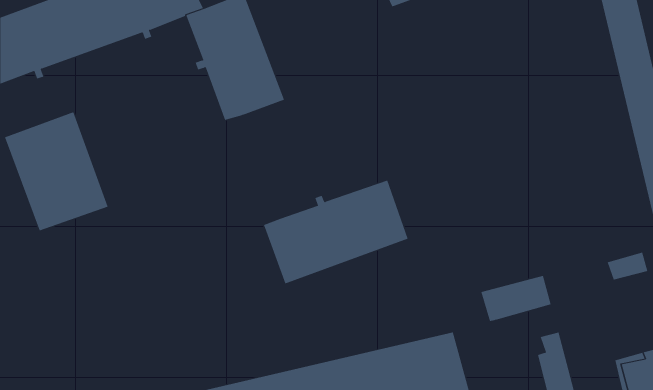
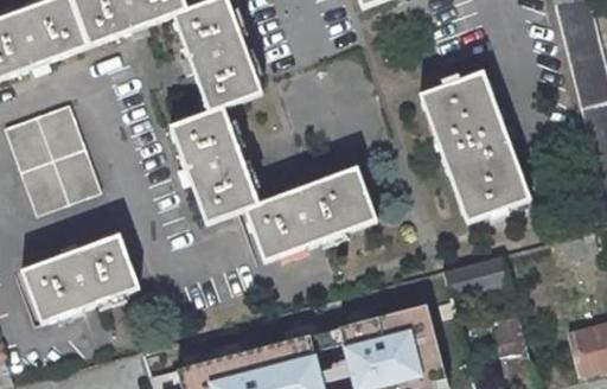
building: none -> [418,70,531,222]
building: none -> [170,107,258,224]
building: none -> [20,234,140,324]

